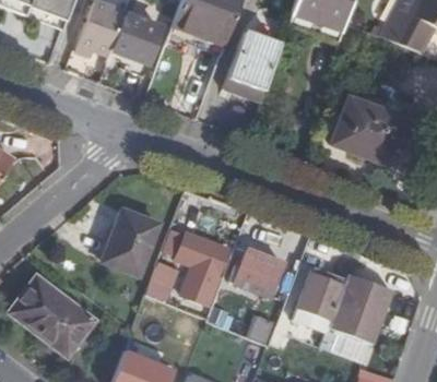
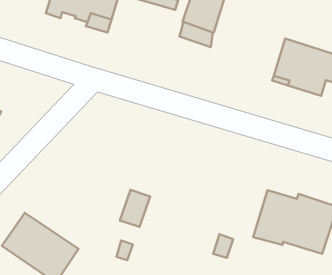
building: [102,208,158,274] -> none
building: [177,234,228,303] -> none
building: [235,249,284,297] -> none

